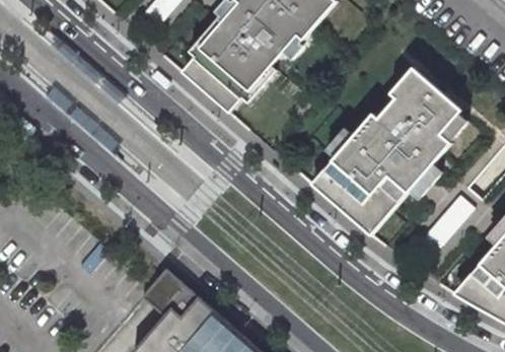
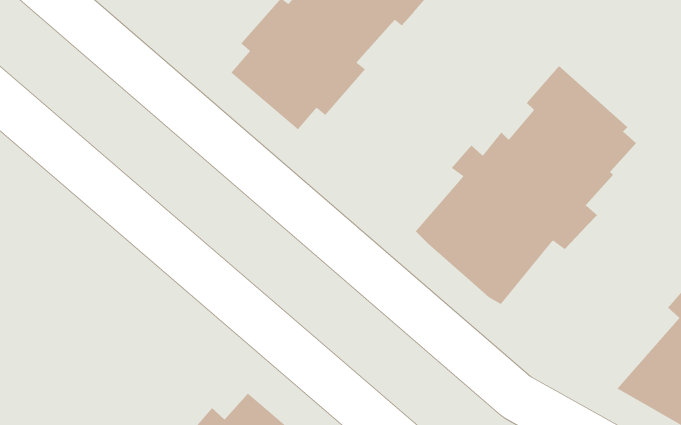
building: [141,269,194,313] -> none

